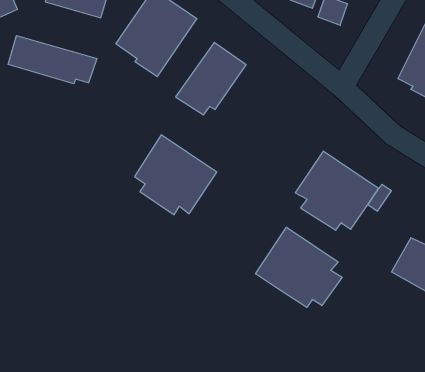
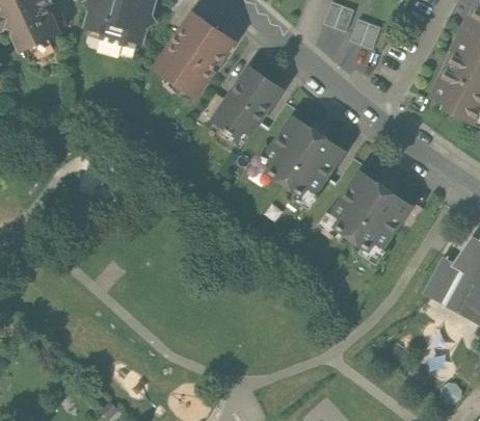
building: [8,36,97,84] -> none
building: [135,135,217,215] -> [263,116,343,194]
building: [256,227,342,307] -> none

